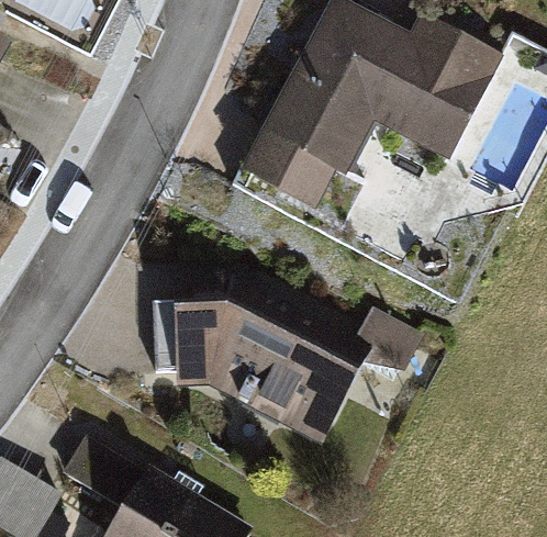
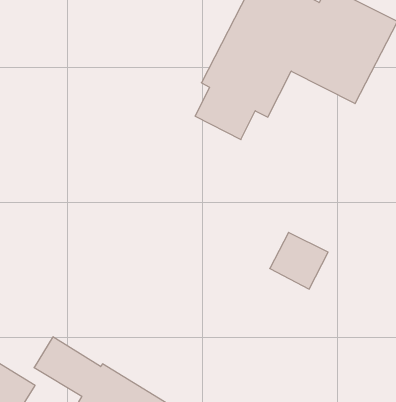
building: [169,271,360,446] -> none

